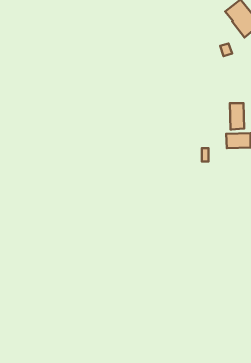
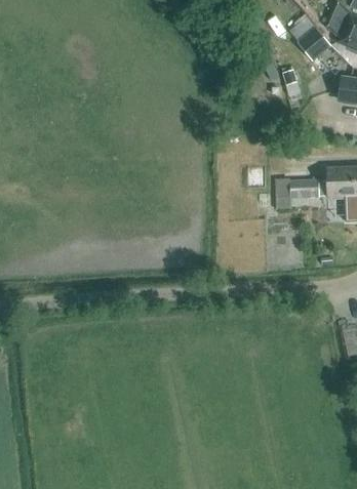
building: [230,103,244,129] -> none

